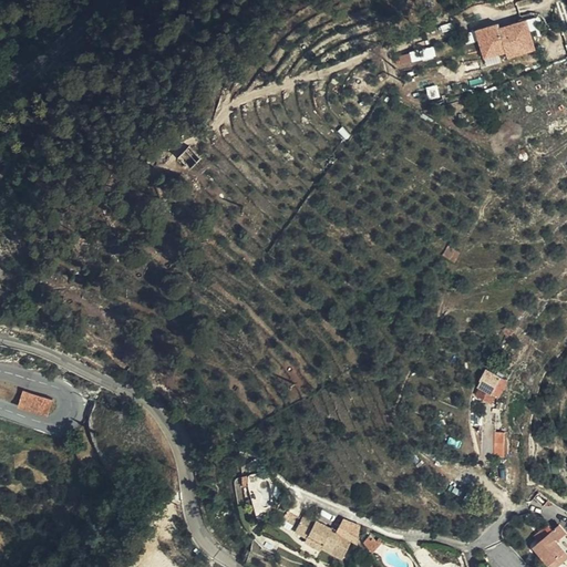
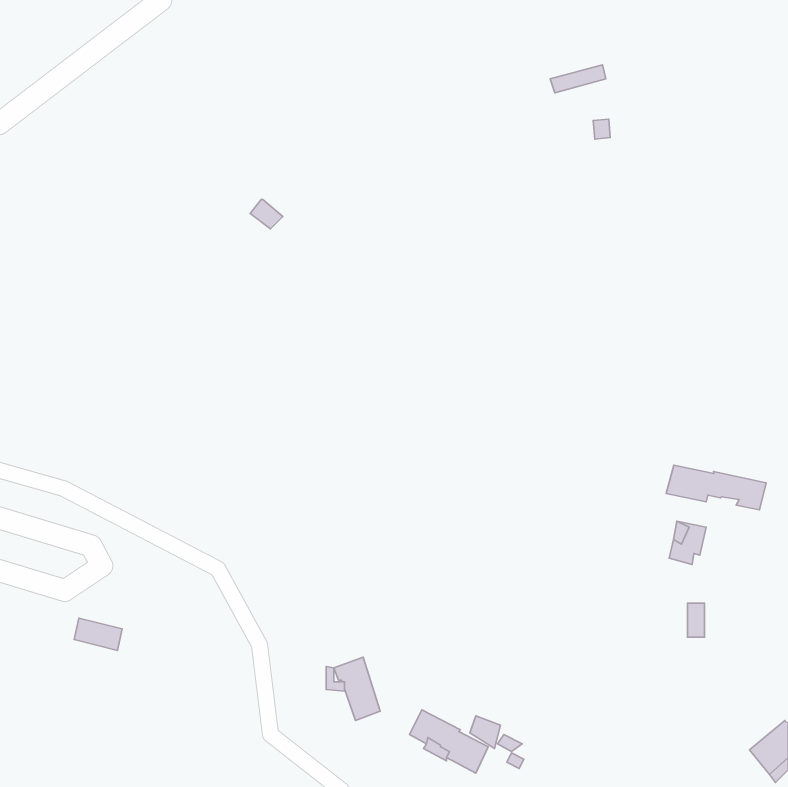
building: [475,21,534,62] -> none
building: none -> [666,465,766,510]
building: [18,394,52,417] -> [74,618,122,650]

